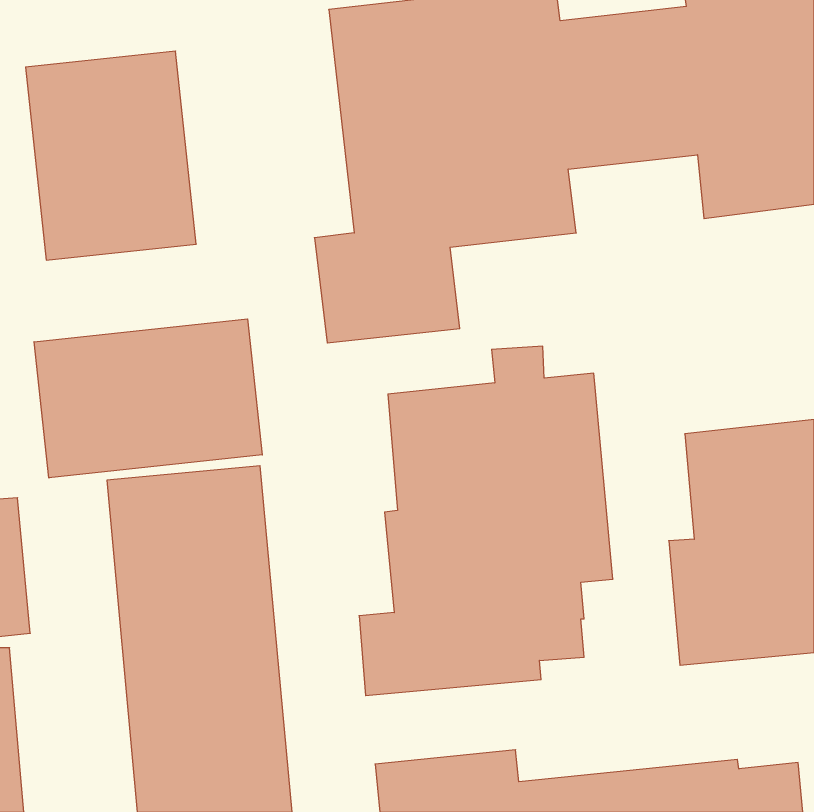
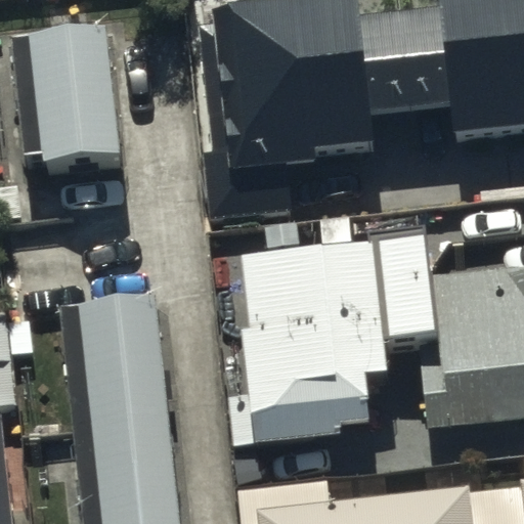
building: [34,319,262,478] -> none

